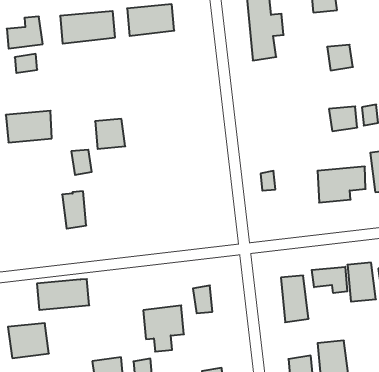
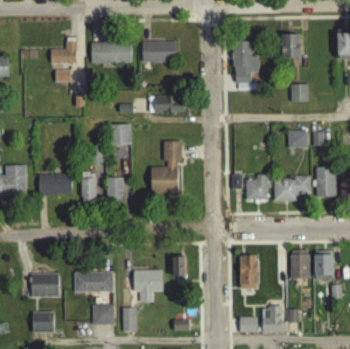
building: none -> [150,94,184,113]
building: [6,111,52,142] -> [39,174,73,195]
building: none -> [152,141,182,192]
building: none -> [246,174,270,200]
building: none -> [107,177,124,200]
building: [312,267,347,293] -> none
building: [37,279,89,310] -> [75,272,113,292]

